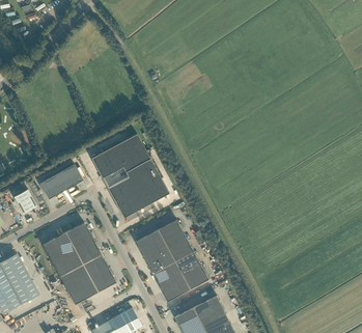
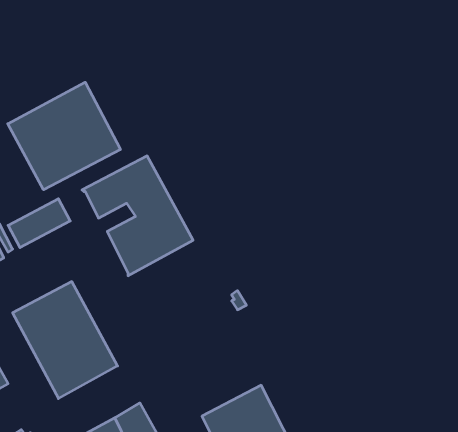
building: none -> [8,82,120,190]
building: [135,219,208,301] -> none

